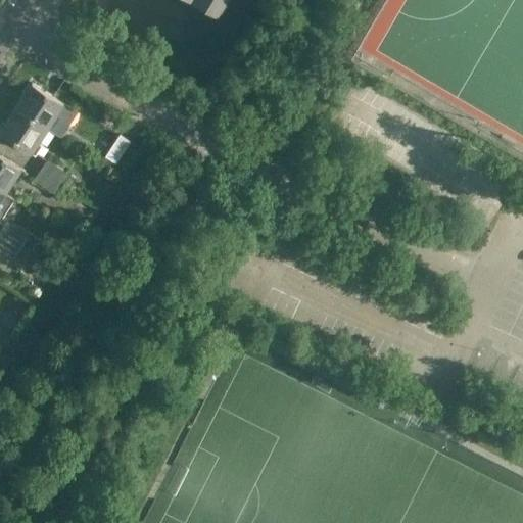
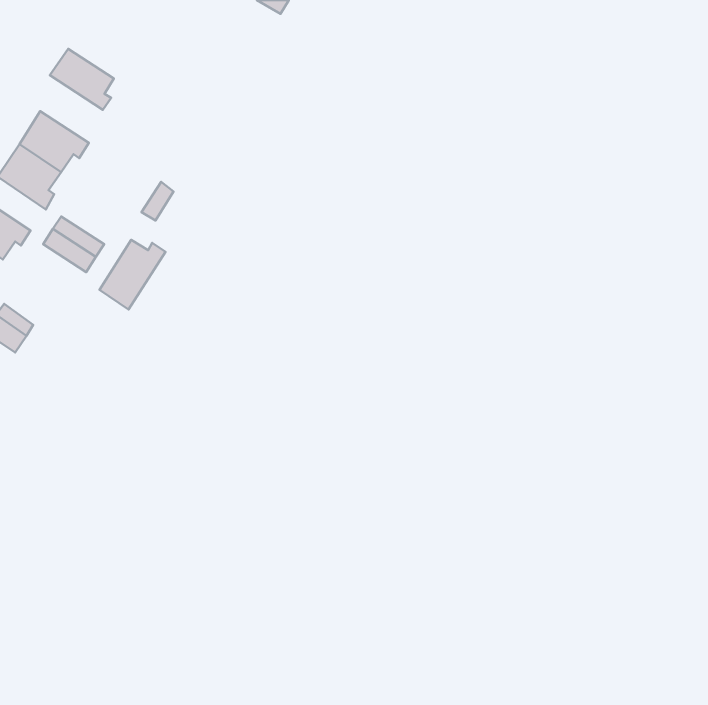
building: none -> [50,49,114,110]
building: none -> [100,240,166,310]

